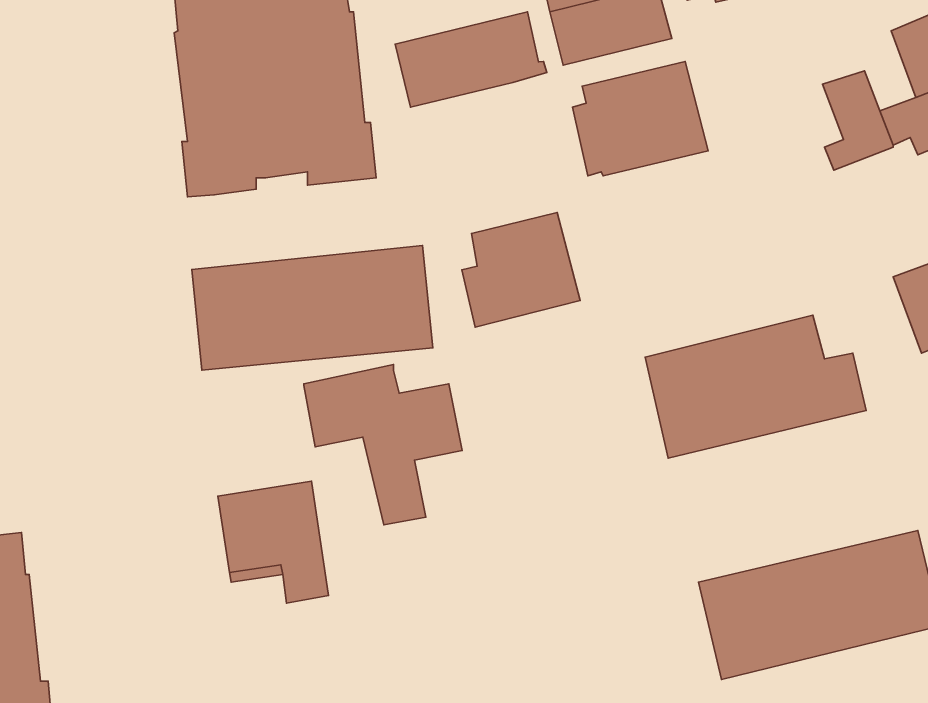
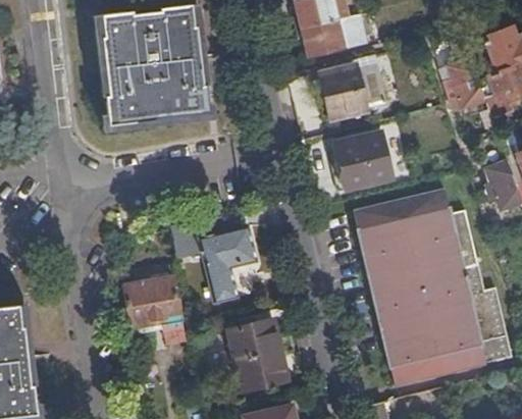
building: [395,12,547,107] -> none
building: [462,213,580,327] -> [330,133,394,194]
building: [192,246,433,370] -> none
building: none -> [366,242,500,333]
building: none -> [229,322,286,392]

